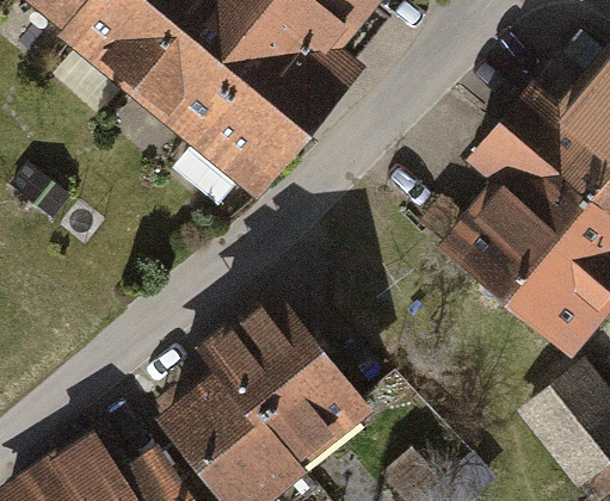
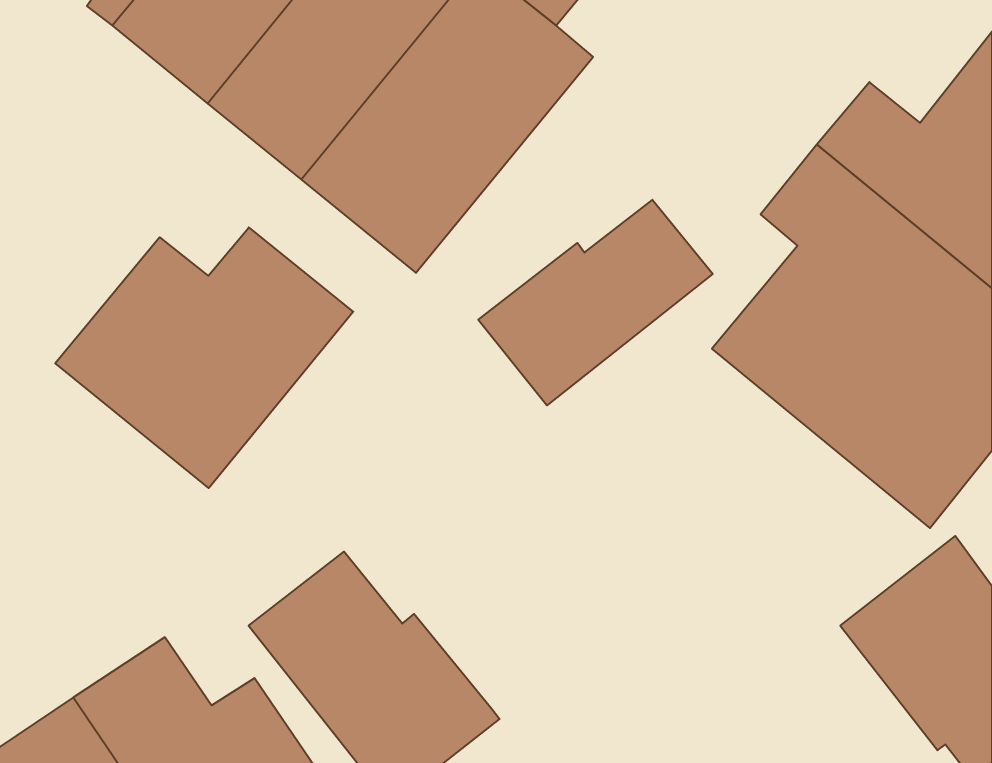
building: none -> [478,200,713,405]
building: none -> [55,227,353,488]
building: [193,282,374,464] -> none

